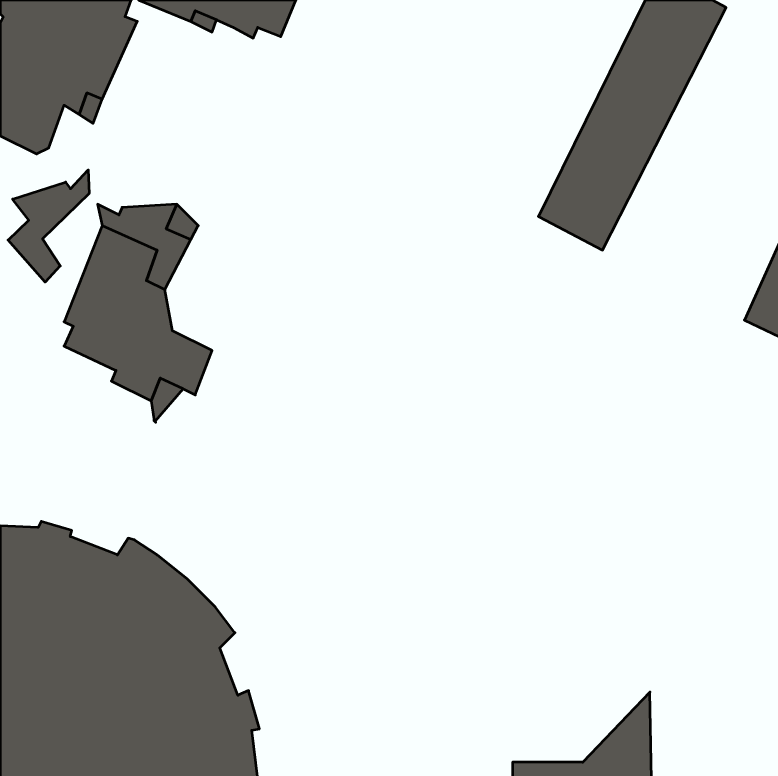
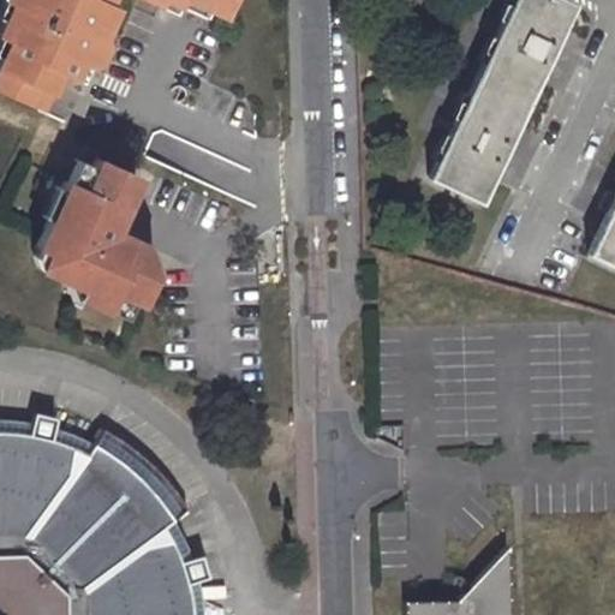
building: [8,170,89,282] -> none

